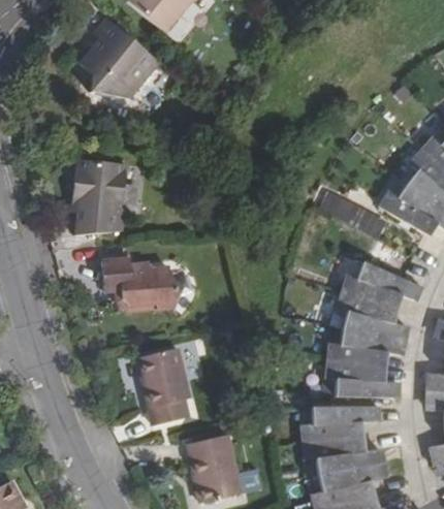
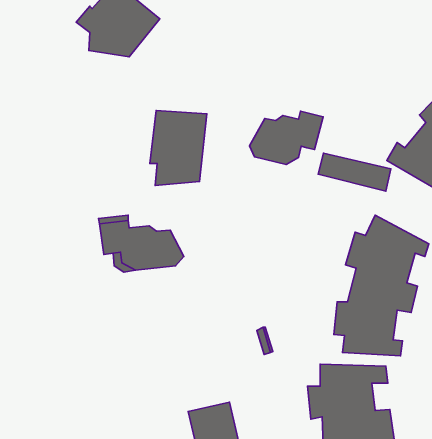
building: none -> [249,111,323,164]
building: [73,162,129,235] -> [150,111,207,186]
building: [138,351,187,428] -> none

